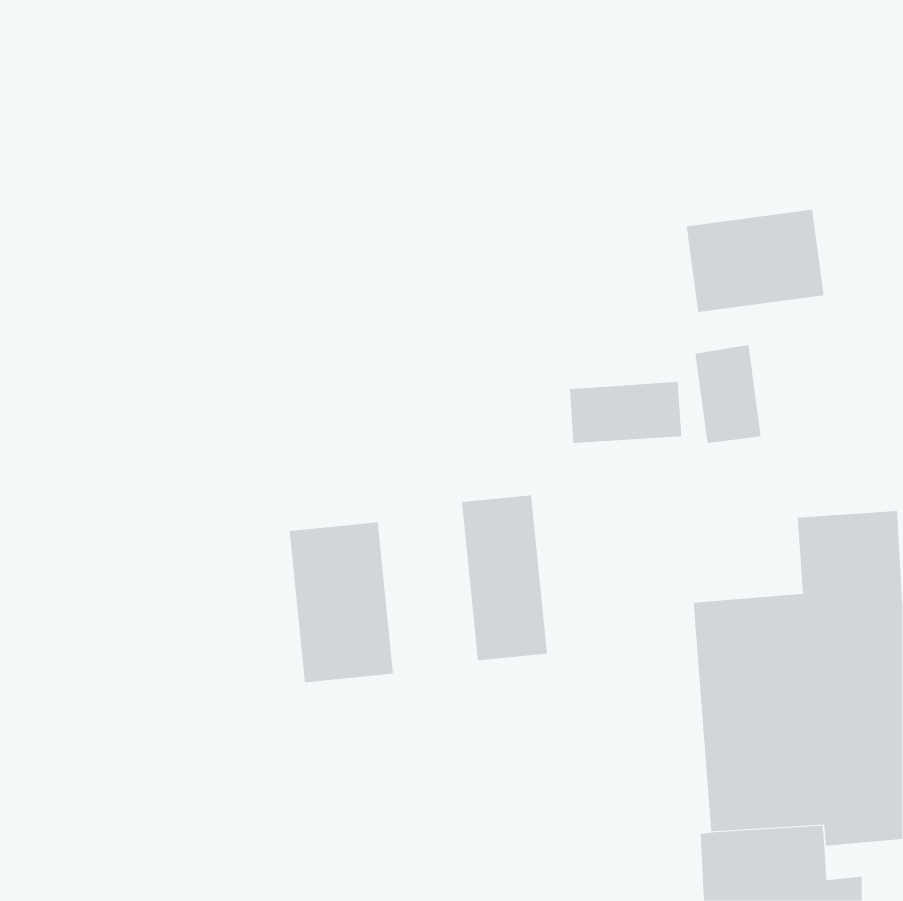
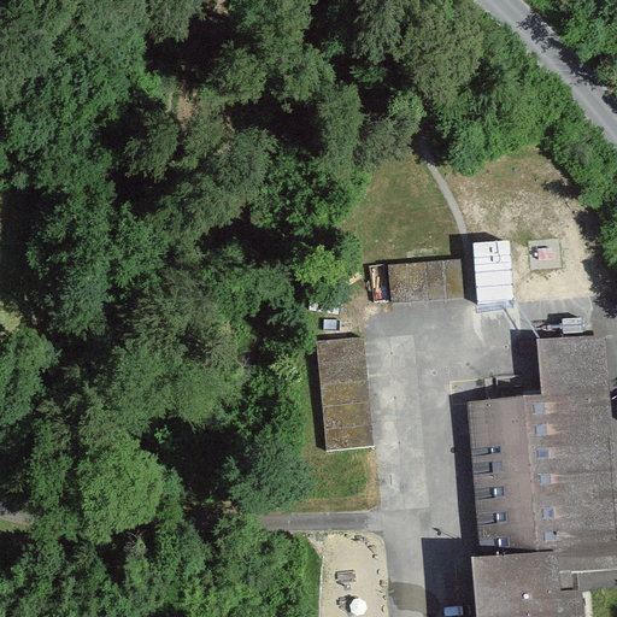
building: [686,209,824,313] -> none
building: [289,522,394,683] -> none

